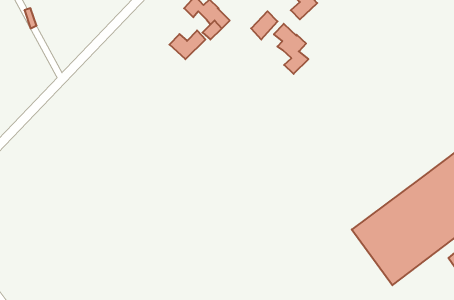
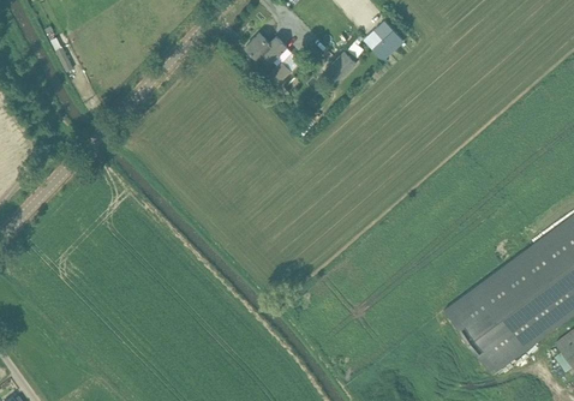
building: [274,24,308,74] -> none
building: [169,30,205,59] -> none

